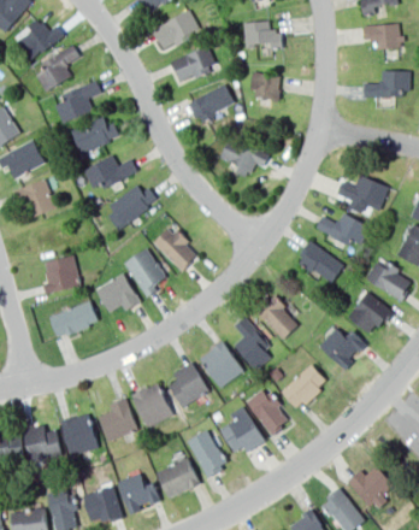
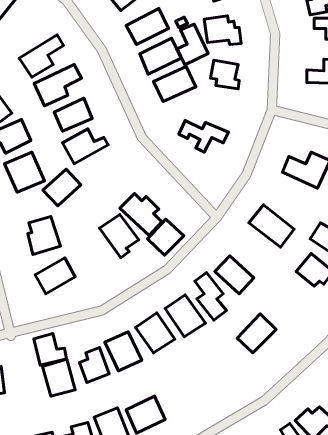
building: [18,18,53,61] -> none
building: none -> [177,24,208,65]
building: [107,179,151,222] -> [43,169,81,206]
building: [312,212,365,252] -> none
building: none -> [147,219,184,255]
building: [99,272,138,310] -> none
building: [315,322,362,377] -> none
building: [248,389,288,434] -> none
building: [217,407,262,454] -> none
building: [22,422,59,458] -> [34,333,66,365]
building: [182,426,226,481] -> none

